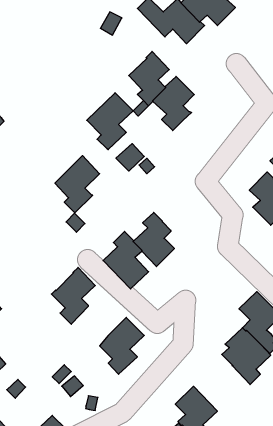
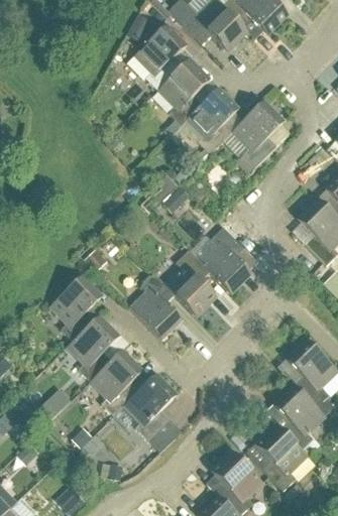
building: none -> [222,105,279,166]
building: [87,93,133,150] -> [133,23,188,90]
building: [55,156,100,213] -> [49,274,102,342]
building: none -> [198,227,246,290]
building: none -> [91,348,143,416]
building: none -> [254,424,307,491]

